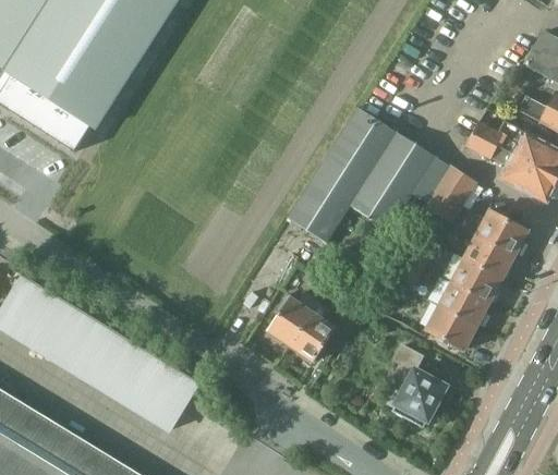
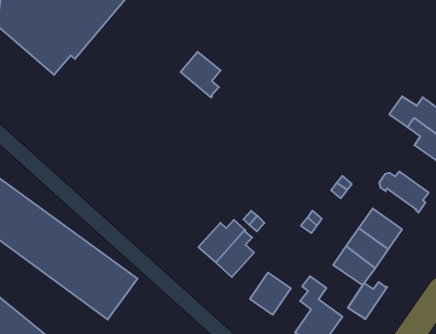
building: none -> [181,52,221,98]
building: [287,107,476,243] -> none
building: [464,232,514,277] -> none
building: none -> [348,282,387,319]
building: none -> [250,273,291,315]

